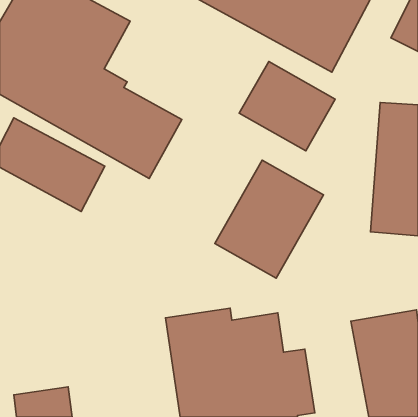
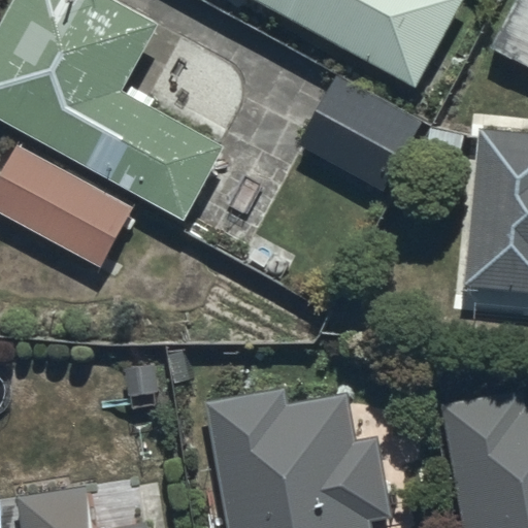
building: [215,160,324,278] -> none

